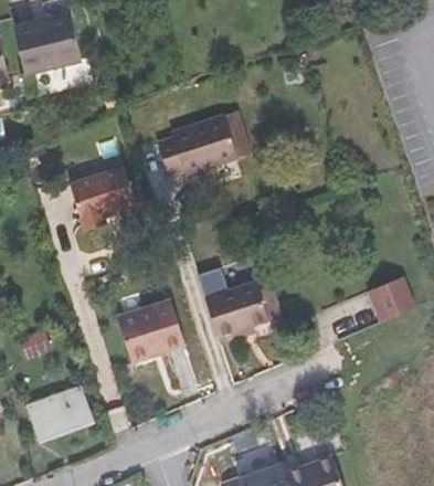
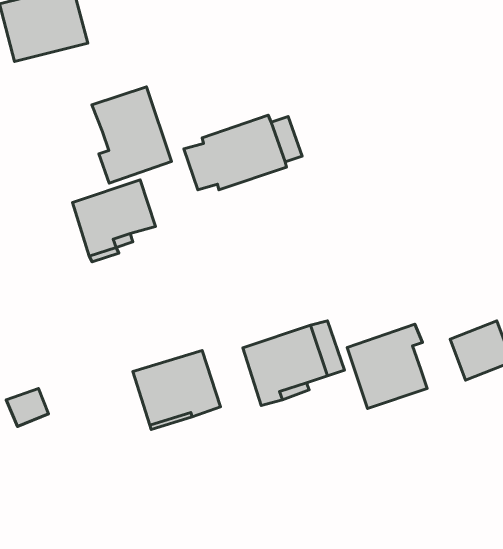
building: none -> [92,87,172,183]
building: none -> [347,324,427,408]
building: [23,389,88,441] -> none

